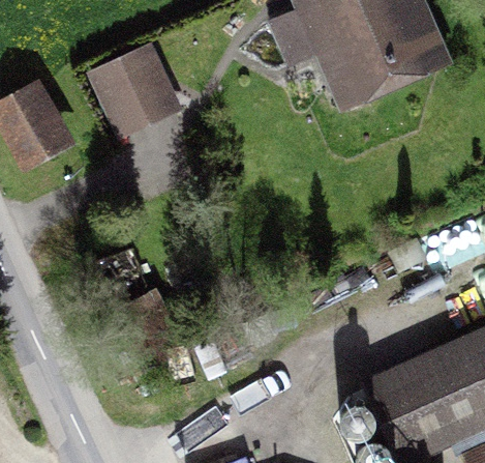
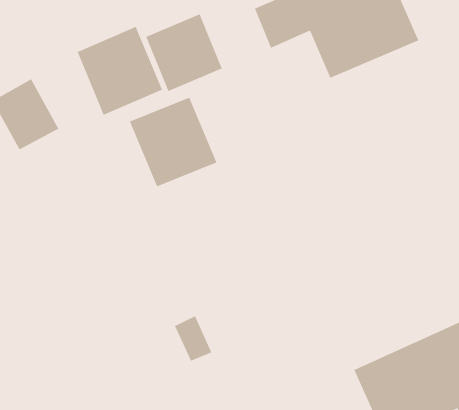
building: none -> [145,13,223,92]
building: none -> [129,97,217,187]

